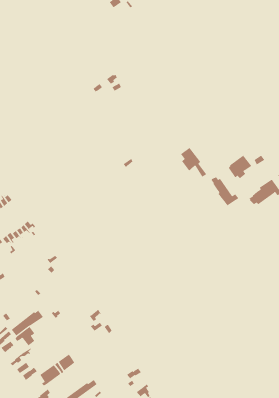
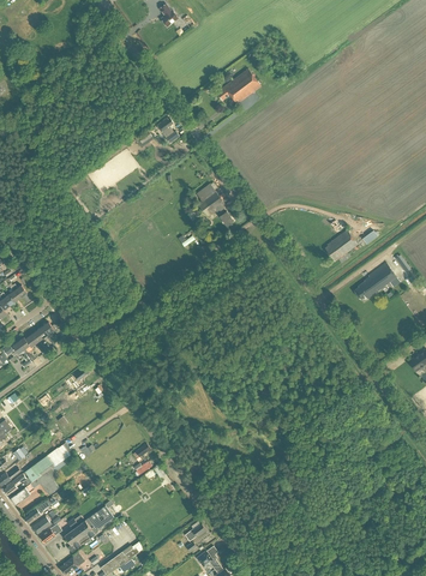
building: none -> [217,68,262,104]
building: [180,147,207,177] -> [197,184,234,226]
building: [211,176,239,206] -> none

